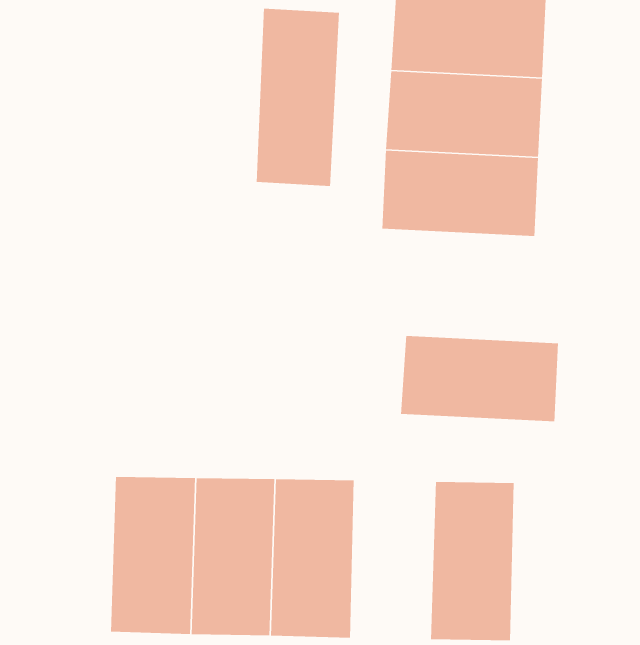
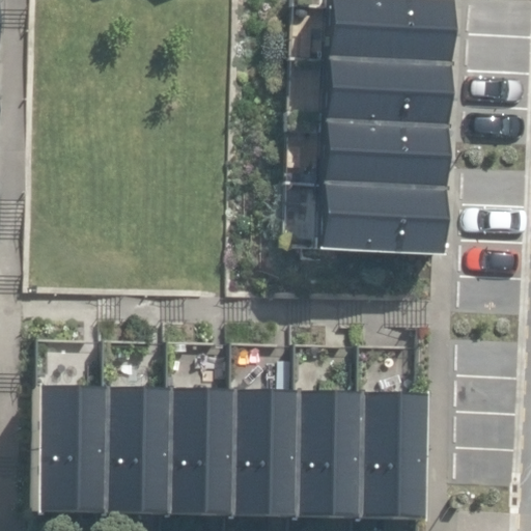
building: [256,8,340,187] -> none
building: [400,335,559,422] -> [316,186,445,256]
building: none -> [36,385,105,512]
building: none -> [296,389,364,519]

